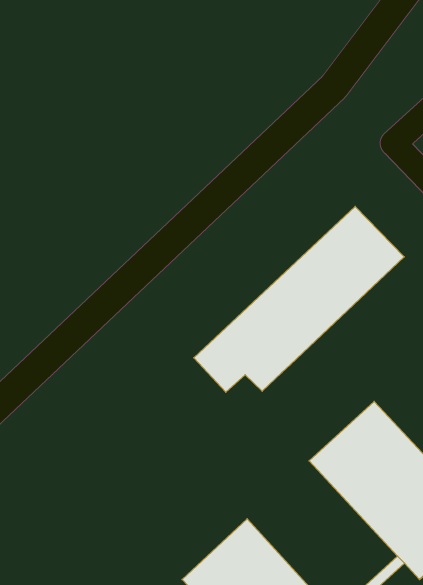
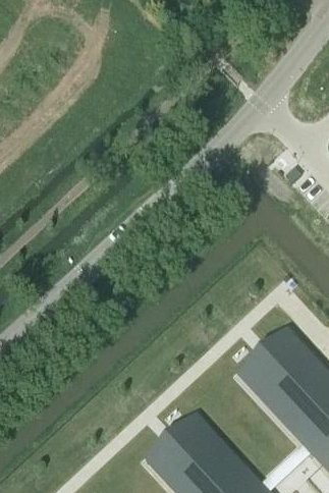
building: [194,206,404,392] -> none

